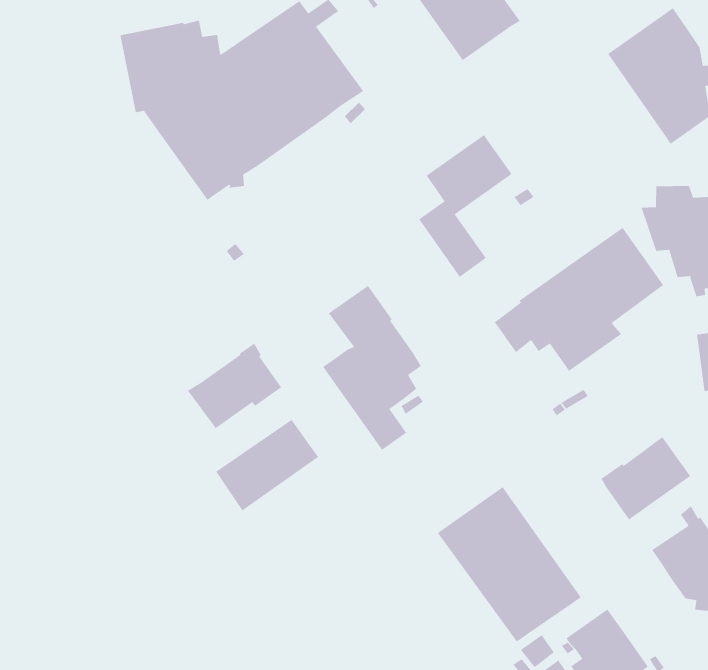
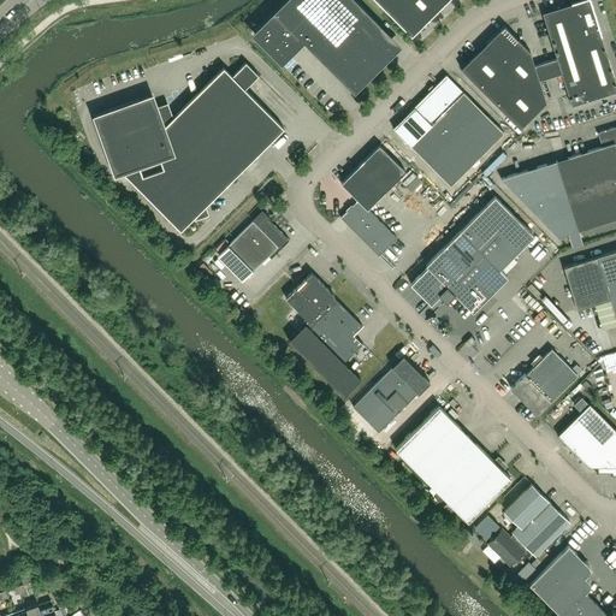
building: none -> [392,76,504,186]
building: [187,343,282,429] -> [218,211,289,280]
building: [215,419,319,512] -> [353,357,428,433]

